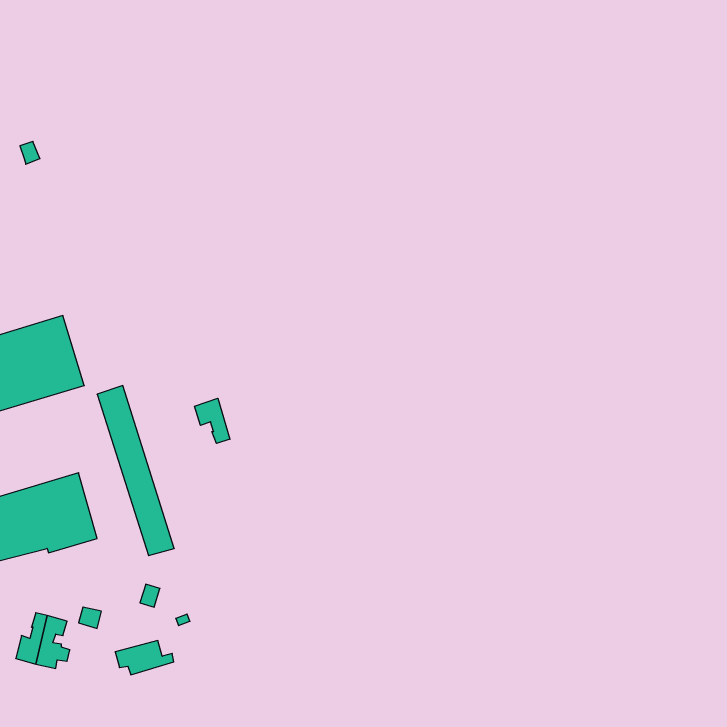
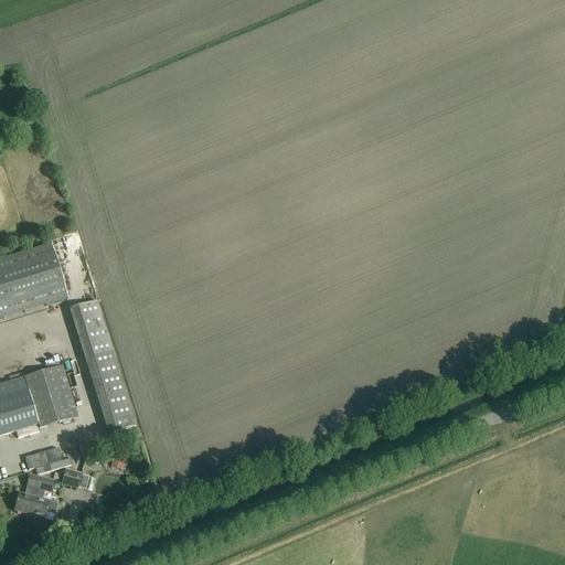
building: [194,398,230,443] -> none
building: [115,641,174,675] -> [23,448,68,475]

